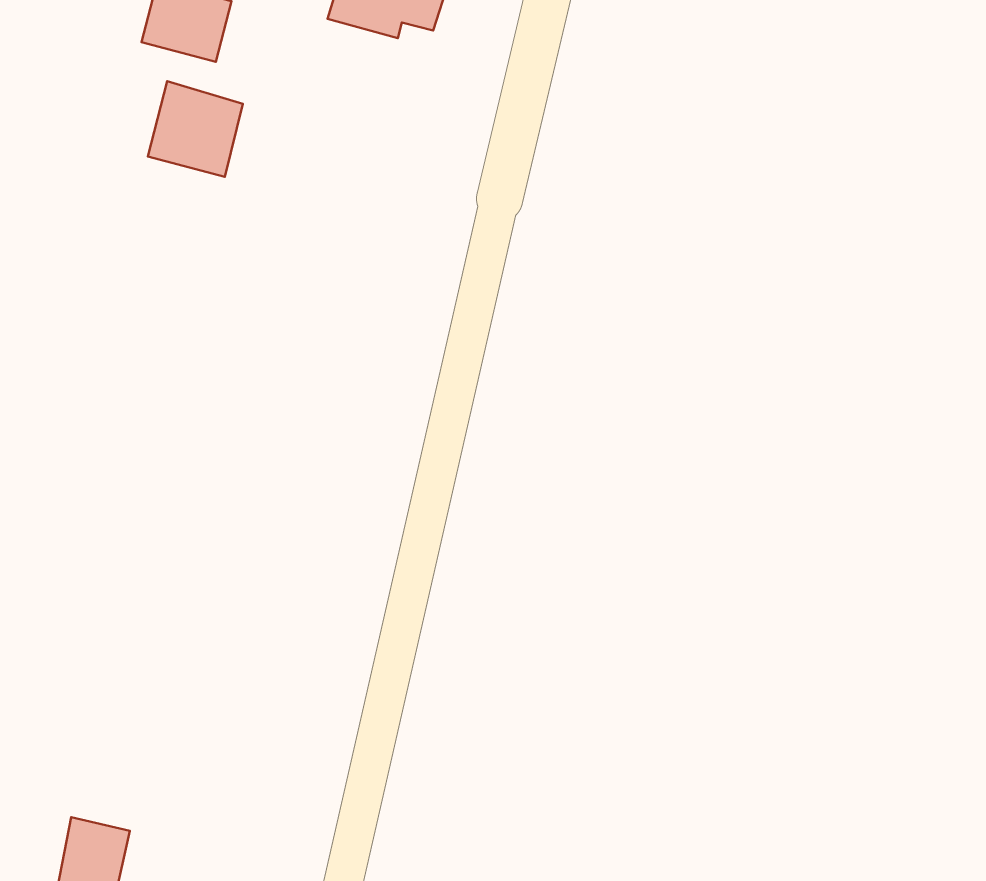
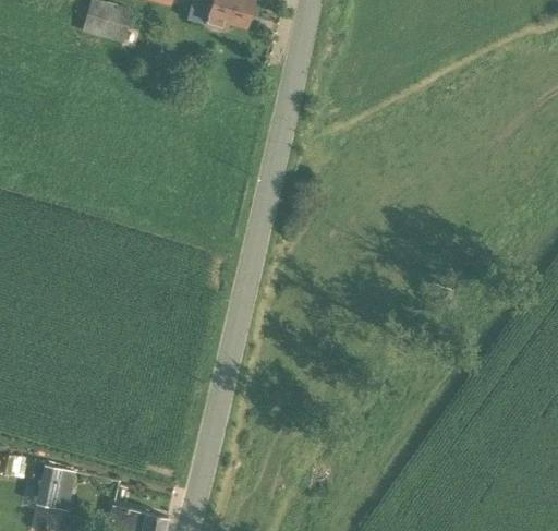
building: [148,81,243,177] -> none

